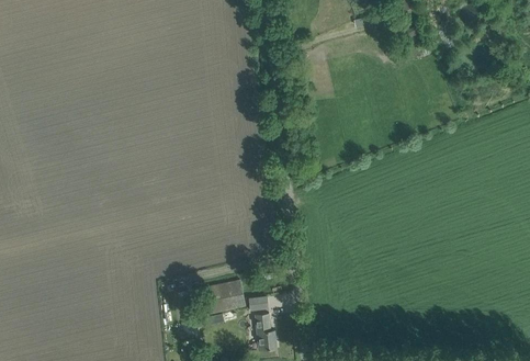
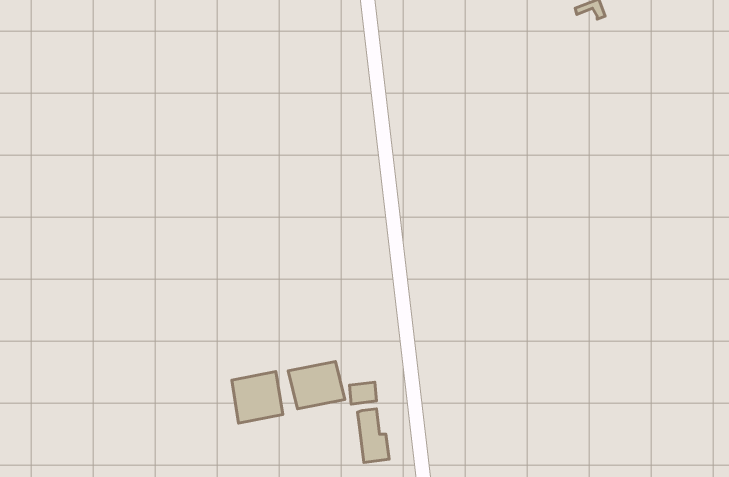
building: none -> [232,371,283,423]

